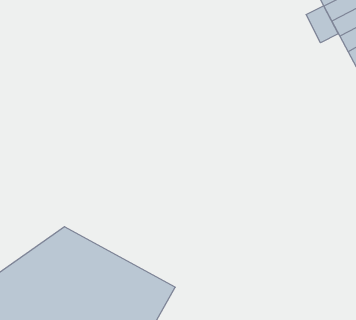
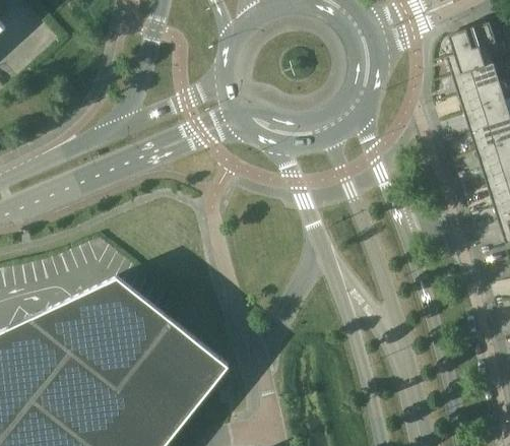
building: [306,6,338,43] -> none

